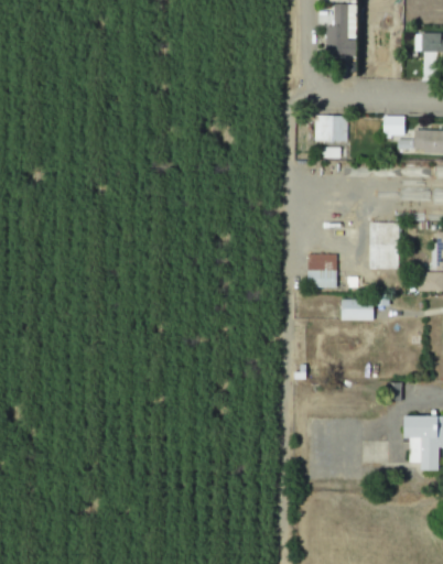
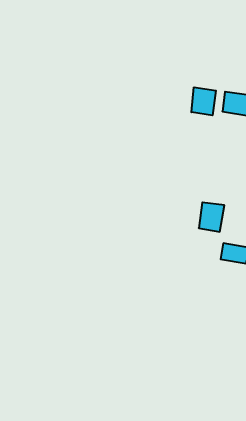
building: none -> [191,87,216,115]

